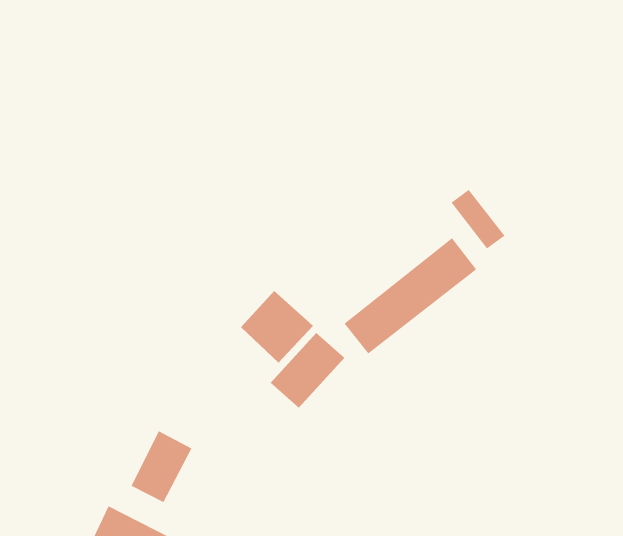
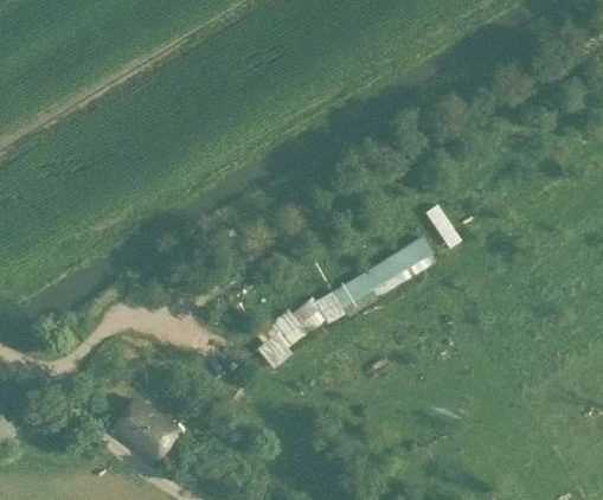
building: [240,290,314,364] -> none
building: [130,430,193,503] -> none

